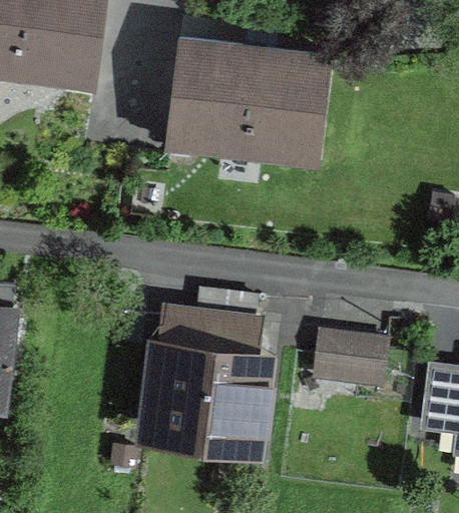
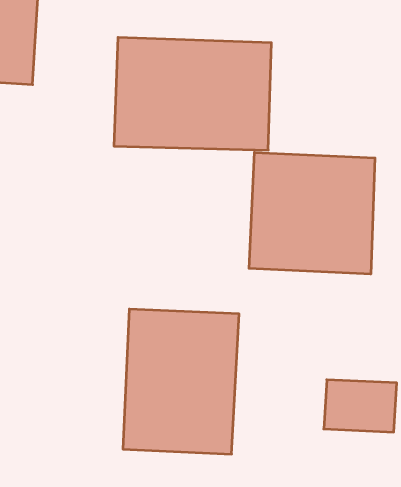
building: none -> [249,152,375,274]
building: [311,328,385,384] -> [324,380,397,432]

